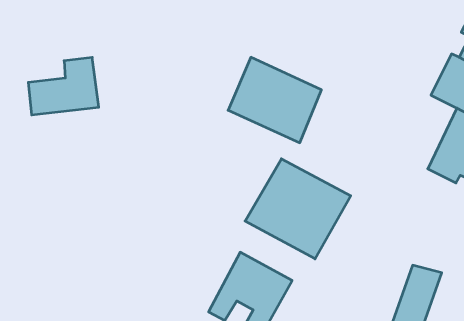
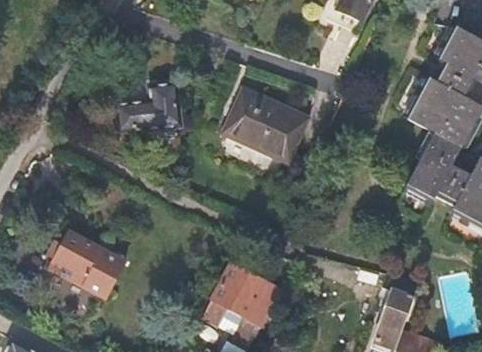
building: [28,57,99,115] -> [116,80,181,133]
building: [245,159,351,259] -> none
building: none -> [47,232,125,296]

